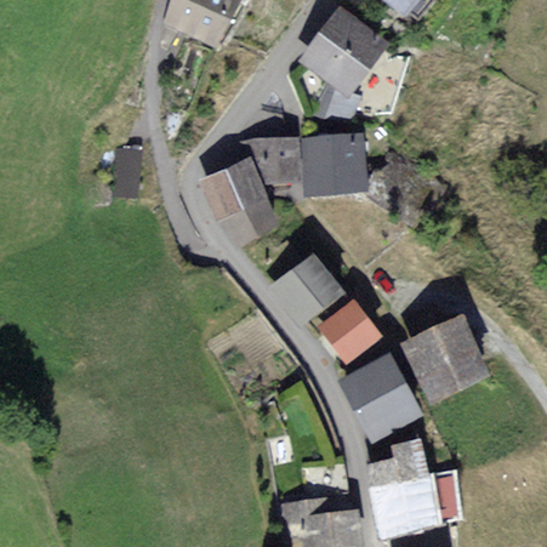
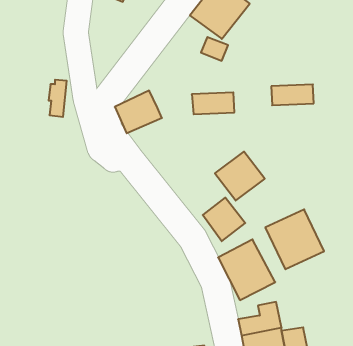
building: [306,136,363,164] -> [271,84,314,105]
building: [243,138,298,182] -> none
building: [220,195,279,244] -> none
building: [274,255,341,320] -> [215,152,265,201]

